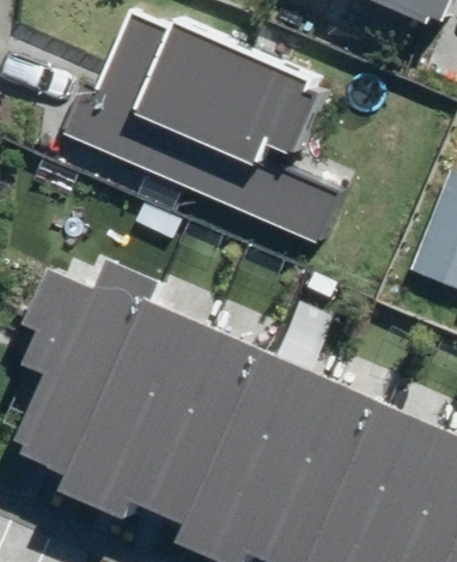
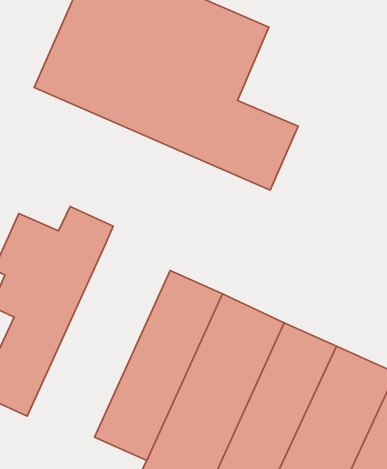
building: [59,300,211,519] -> none

